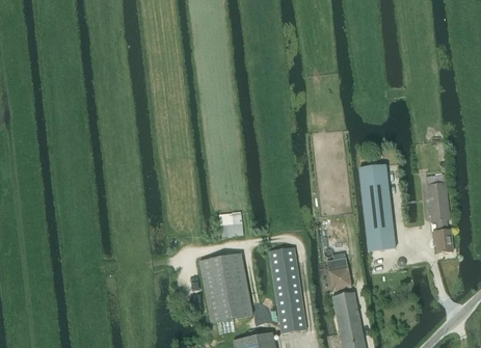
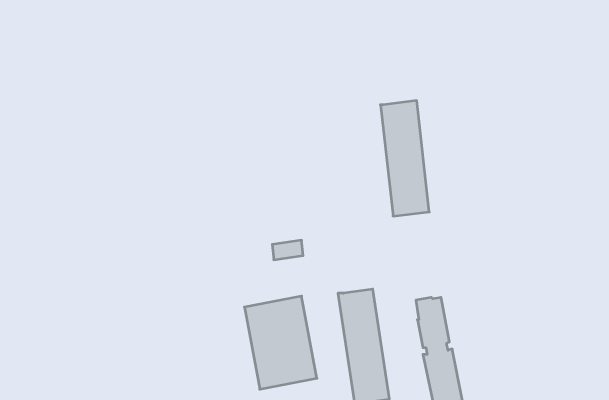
building: [358,165,395,251] -> [380,101,429,216]
building: [426,173,452,253] -> none

